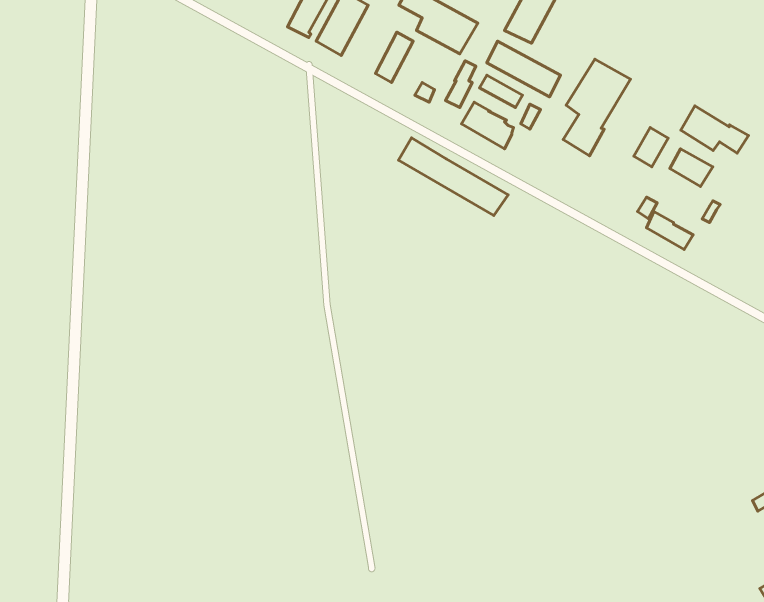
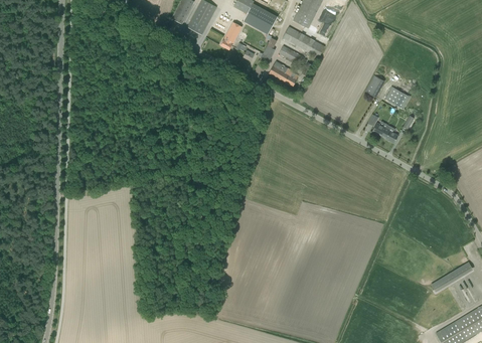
building: [563,59,631,156] -> none
building: [681,106,748,153] -> none
building: [399,138,508,216] -> none

